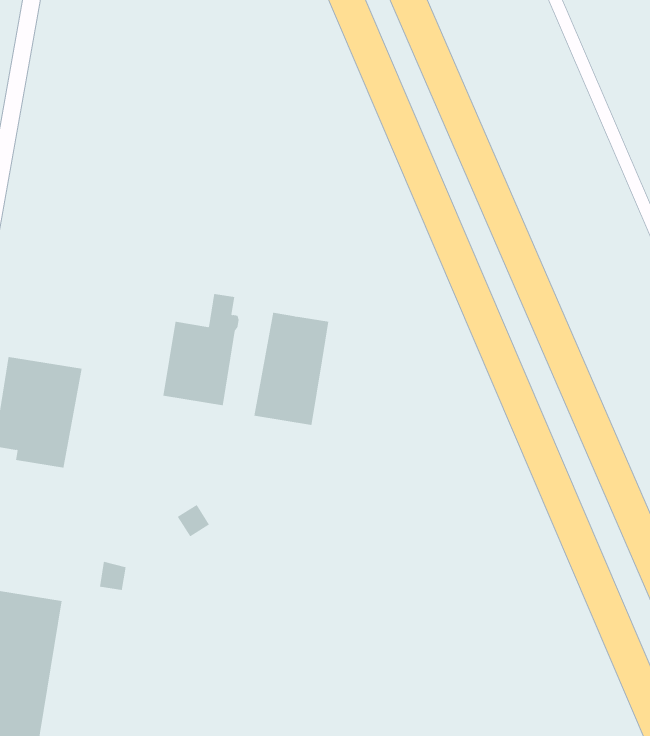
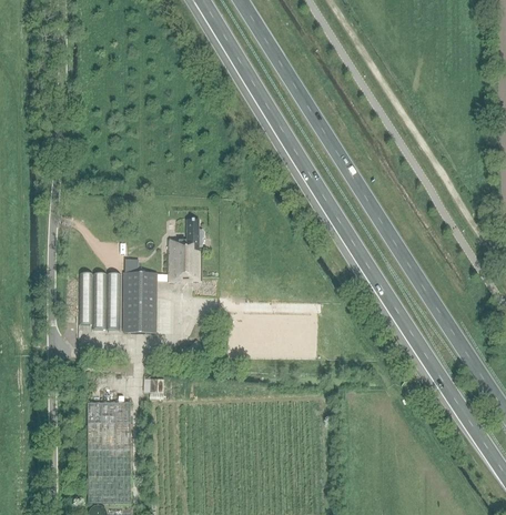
building: [253,312,329,426] -> [123,272,156,331]

